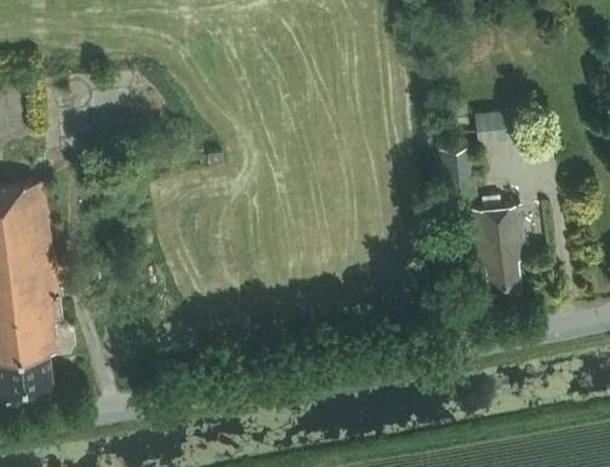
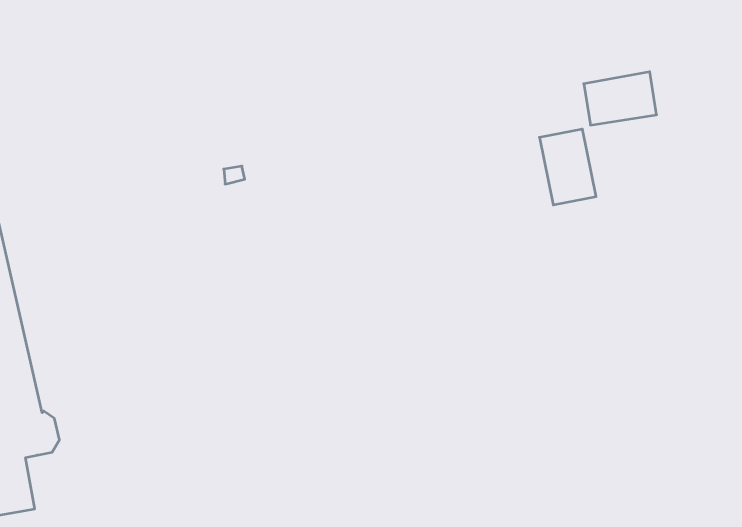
building: [468,198,520,294] -> none

